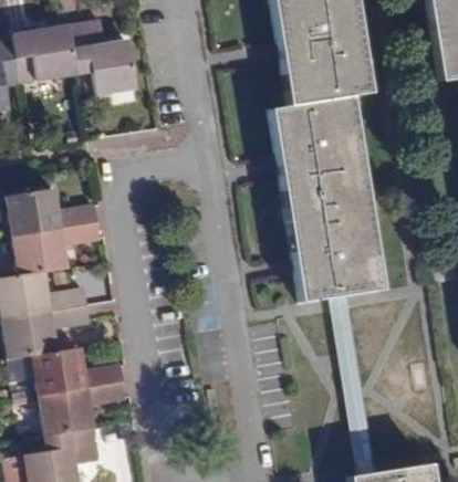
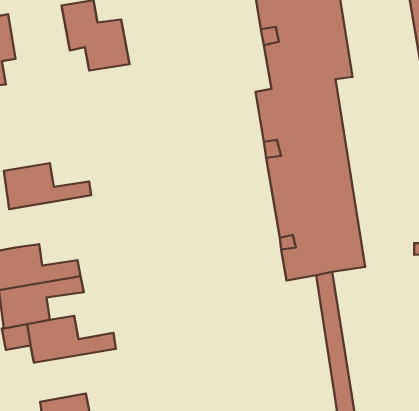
building: [14,24,79,80] -> none
building: [15,221,103,275] -> none
building: [41,380,129,436] -> none

